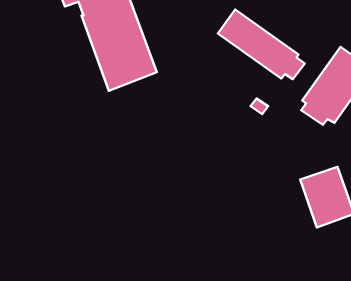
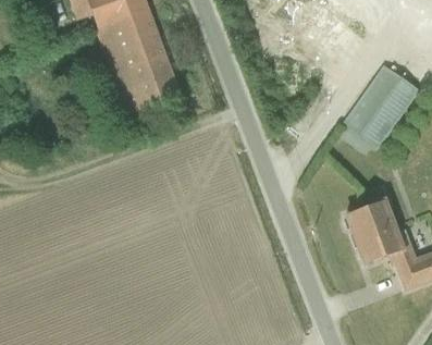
building: [218,10,305,79] -> none

